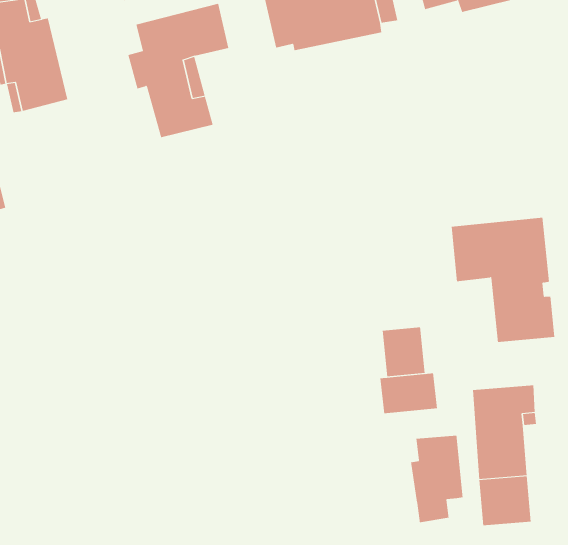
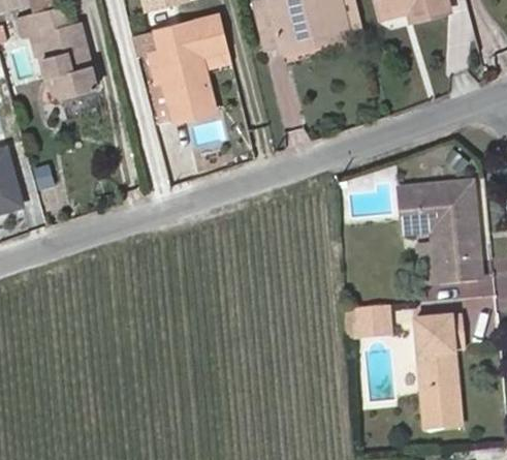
building: [382,327,425,377] -> none
building: [411,435,463,523] -> none

